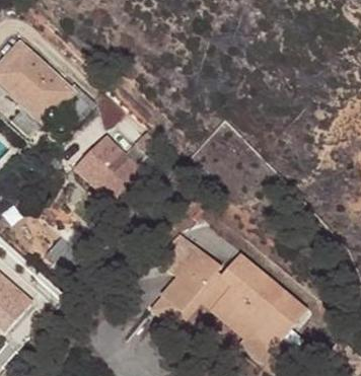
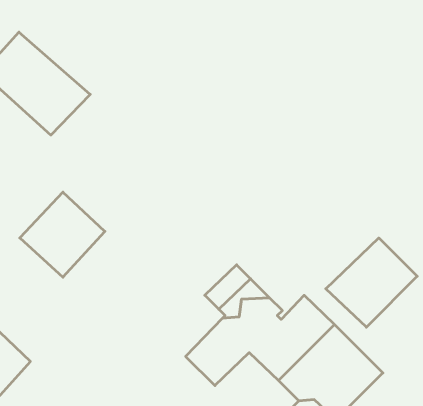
building: [70,129,138,197] -> [20,192,105,277]
building: none -> [326,238,417,327]

